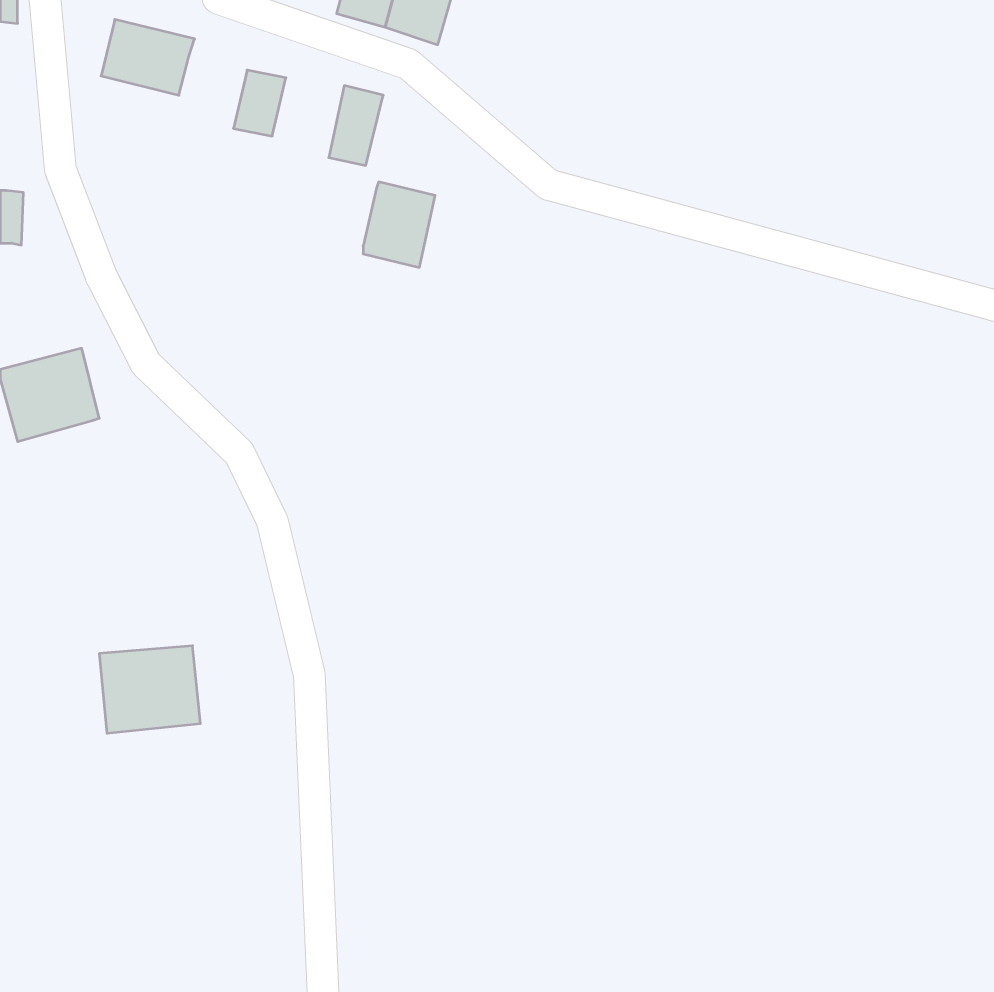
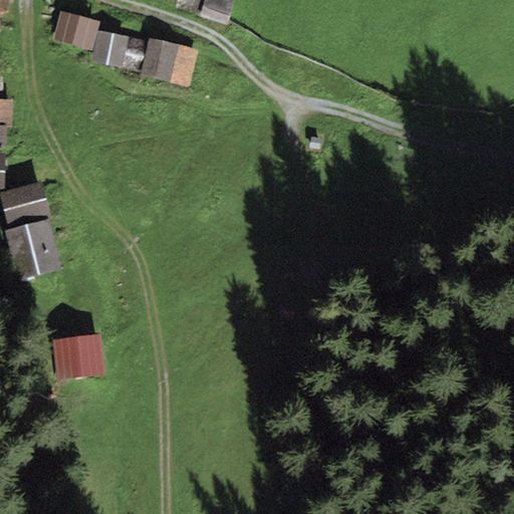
building: none -> [90,29,127,66]
building: [363,182,435,267] -> [141,37,178,81]
building: none -> [4,217,62,279]

